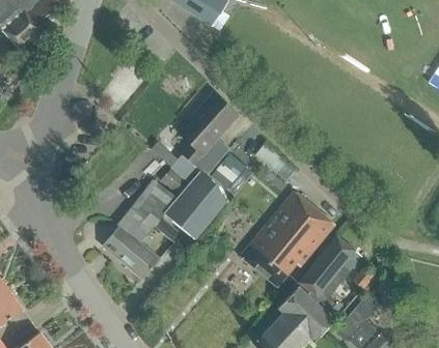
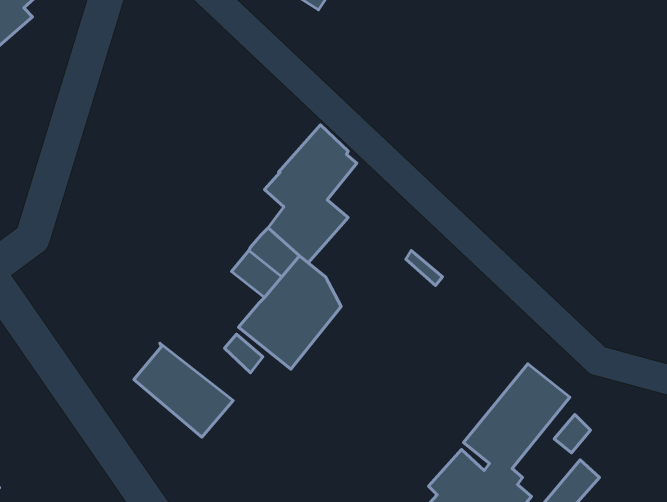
building: [211,153,246,190] -> none
building: [117,179,176,241] -> none
building: [240,191,334,287] -> none

